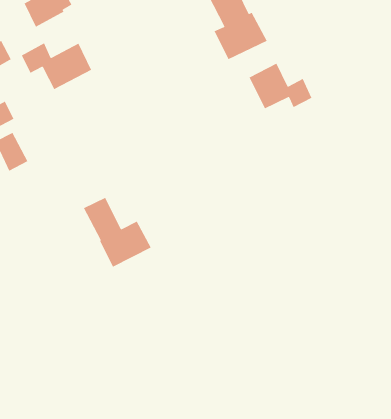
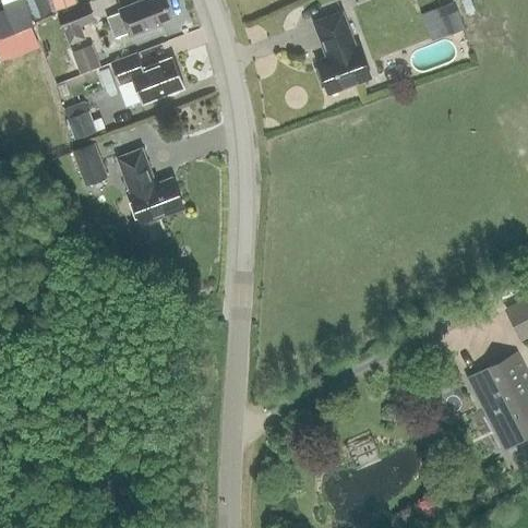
building: [248,62,312,110] -> none
building: [83,197,152,268] -> [117,148,184,224]

